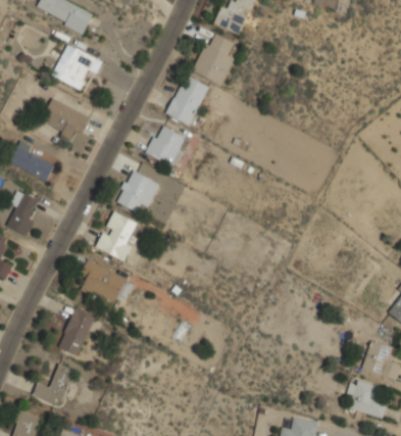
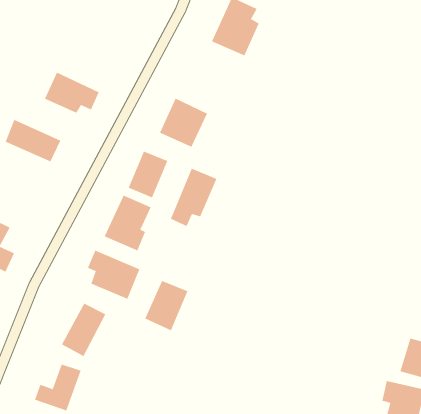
building: [51,44,102,90] -> none
building: [166,74,210,127] -> none
building: none -> [170,168,217,227]
building: [8,190,42,236] -> none
building: none -> [145,280,188,331]

